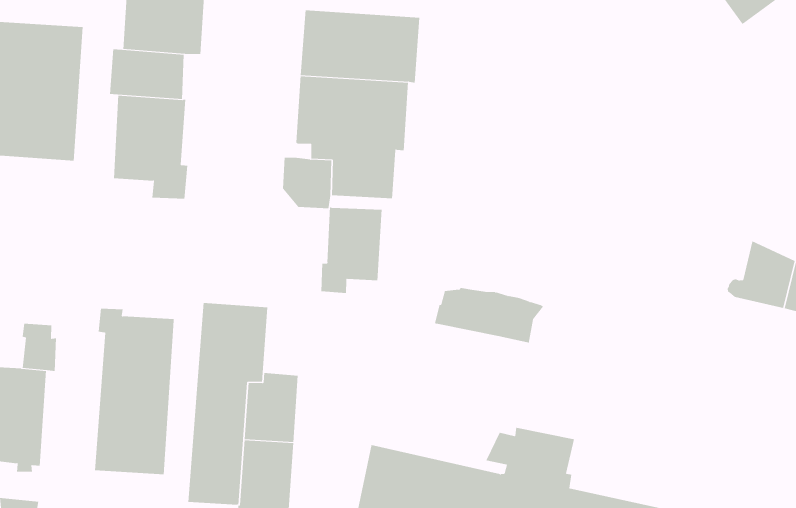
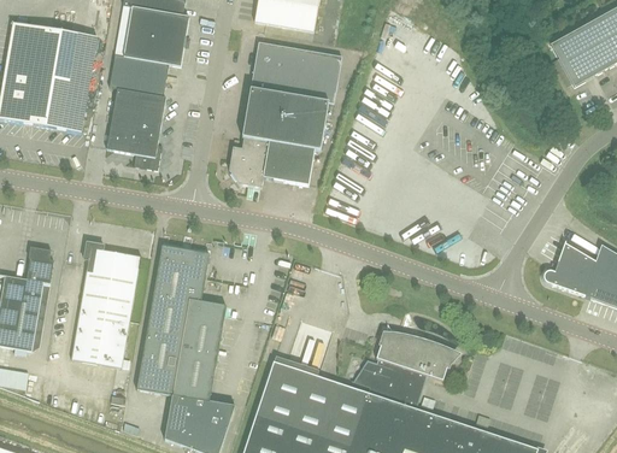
building: [321,207,382,294] -> none
building: [434,287,544,343] -> [376,334,457,380]

